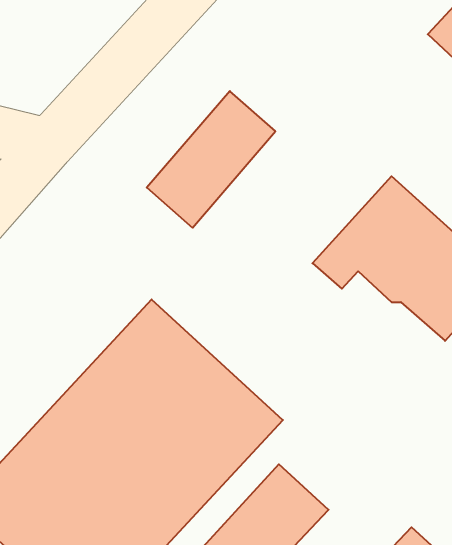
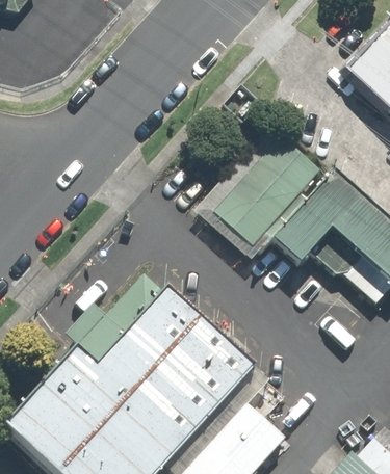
building: [147,91,275,228] -> [216,138,316,244]

